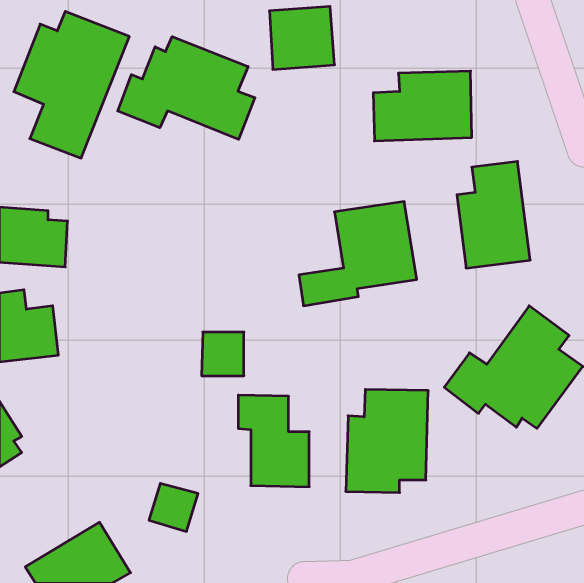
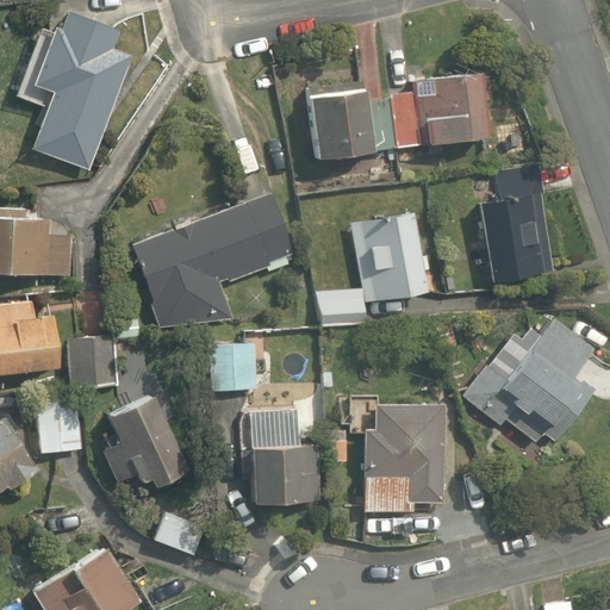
building: [269,6,335,69] -> [311,83,379,149]
building: [118,37,255,139] -> none
building: none -> [131,194,297,341]
building: none -> [70,332,116,386]
building: none -> [91,393,185,485]
building: none -> [39,398,80,452]

